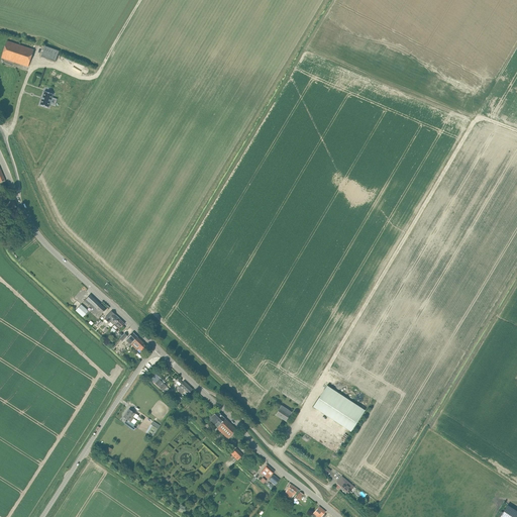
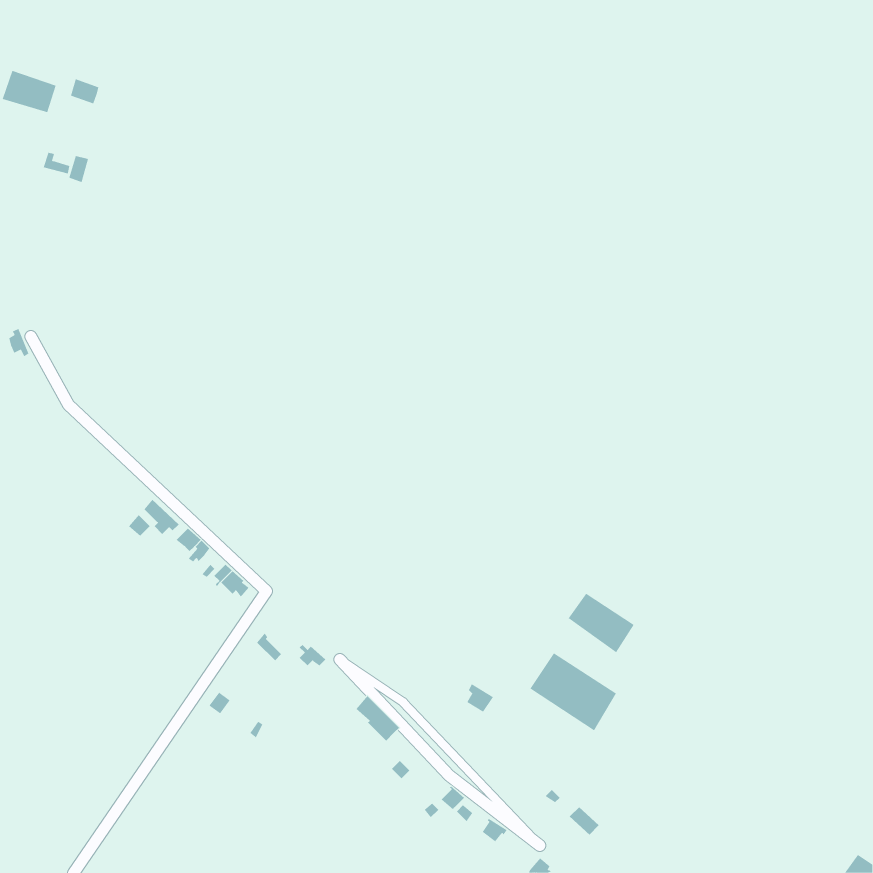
building: none -> [568,593,635,653]

